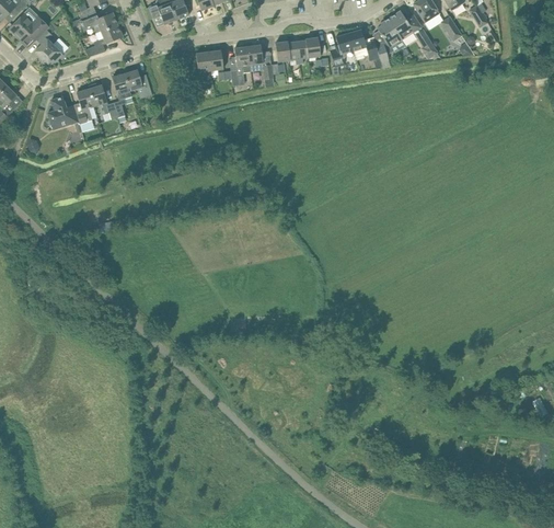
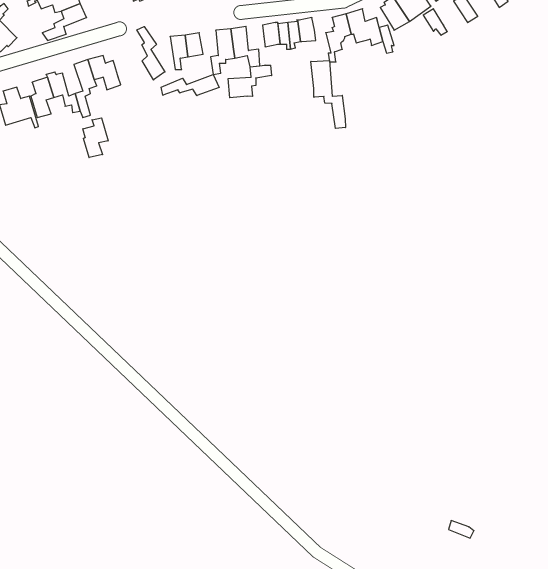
building: none -> [137,27,165,80]
building: none -> [311,60,345,128]
building: none -> [228,65,272,98]
building: none -> [161,75,219,96]
building: none -> [83,118,108,158]

